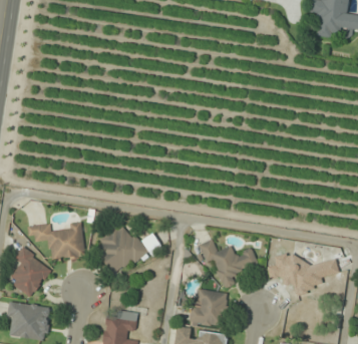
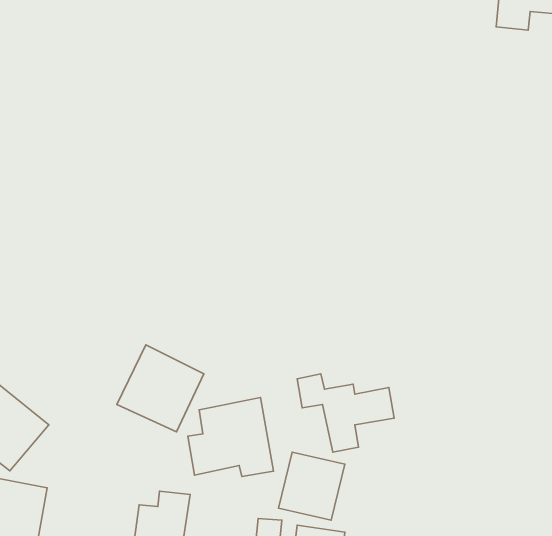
building: [30,222,85,259] -> none
building: [268,253,339,292] -> none
building: none -> [188,398,273,476]

